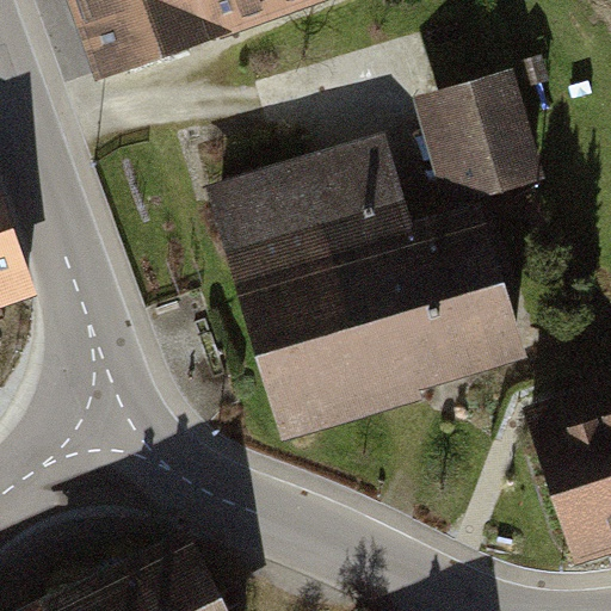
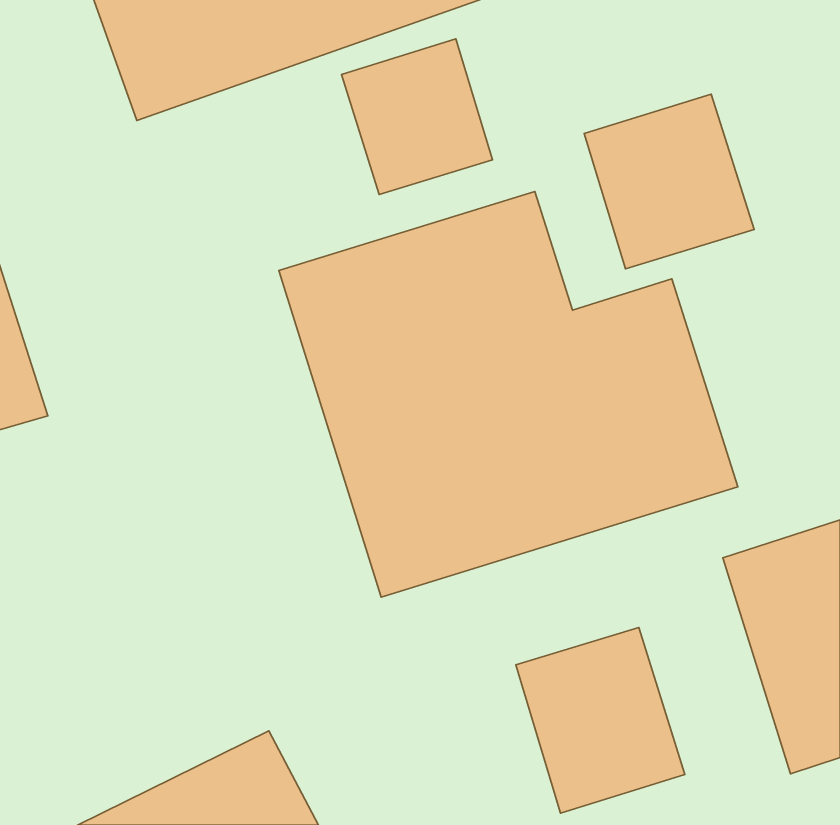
building: none -> [341,39,492,195]
building: none -> [516,627,685,813]

